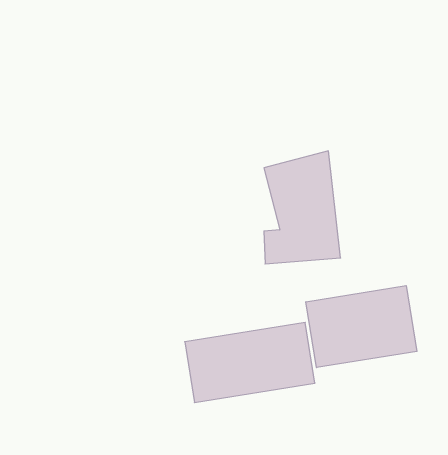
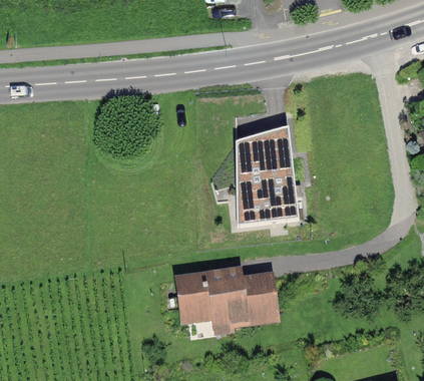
building: [306,286,417,368] -> none

